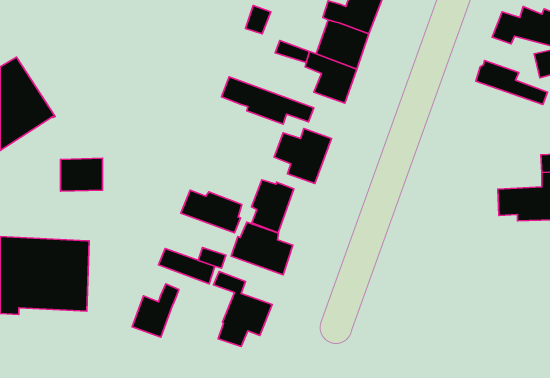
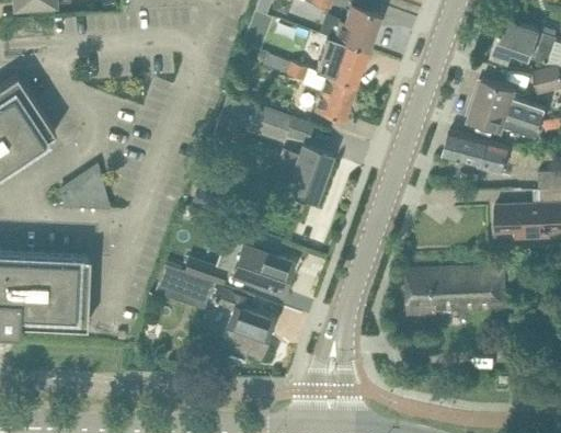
building: none -> [467,100,540,137]
building: none -> [443,132,507,174]
building: [251,180,294,233] -> none
building: [181,190,242,233] -> none
building: none -> [407,269,504,318]
building: [132,284,179,337] -> none

